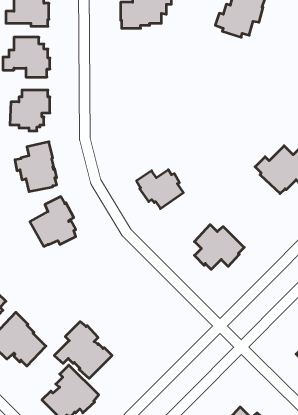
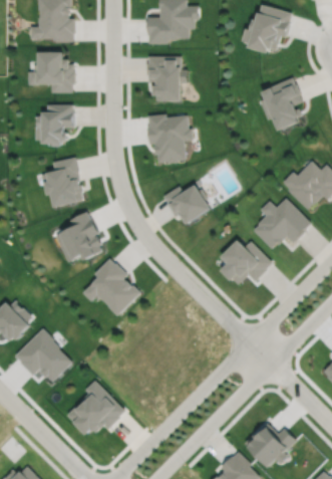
building: none -> [145,56,186,99]
building: none -> [259,77,303,130]
building: none -> [146,113,192,163]
building: none -> [253,198,311,248]
building: [54,322,112,378] -> [83,259,141,316]

